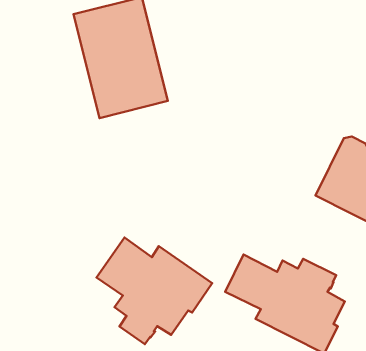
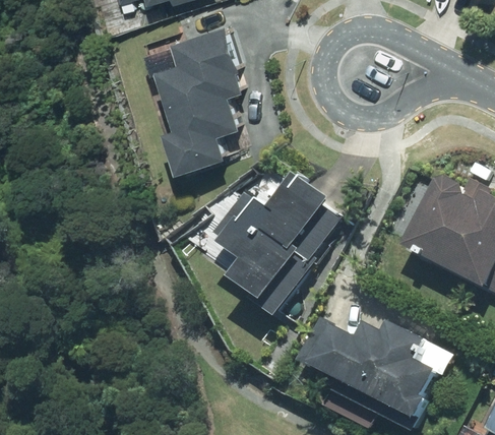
building: none -> [220,176,346,320]
building: [96,237,212,344] -> none

